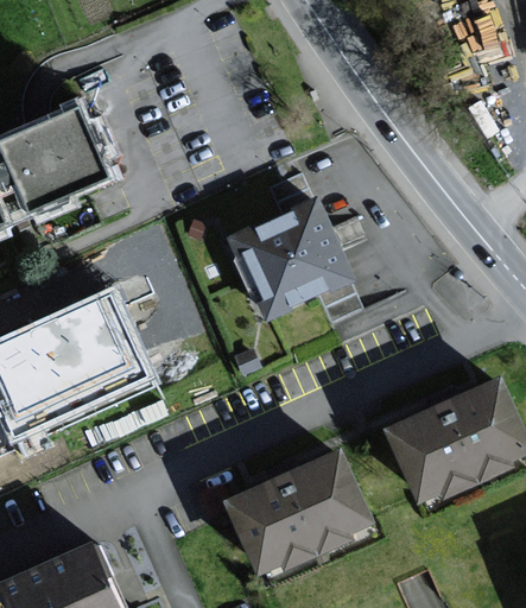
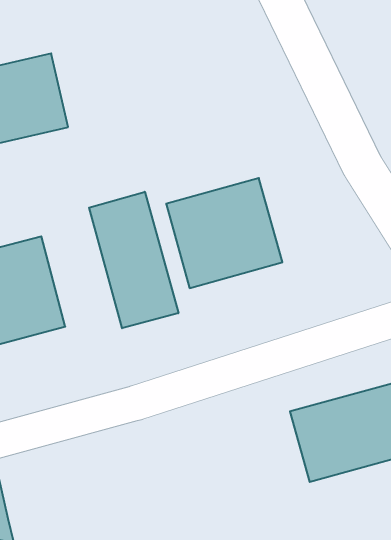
building: none -> [89,192,178,328]
building: [226,451,363,569] -> none

